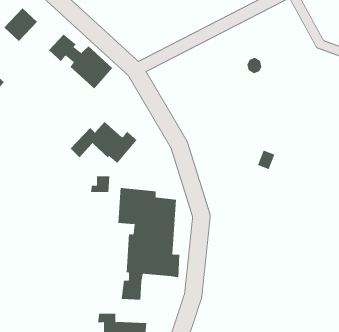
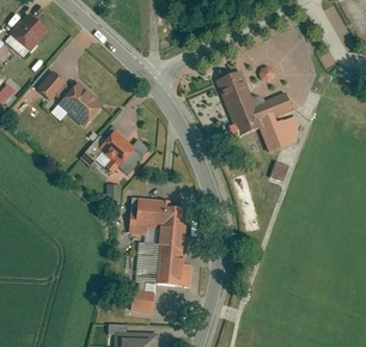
building: [48,34,113,89] -> [38,71,104,127]
building: none -> [216,69,293,151]

